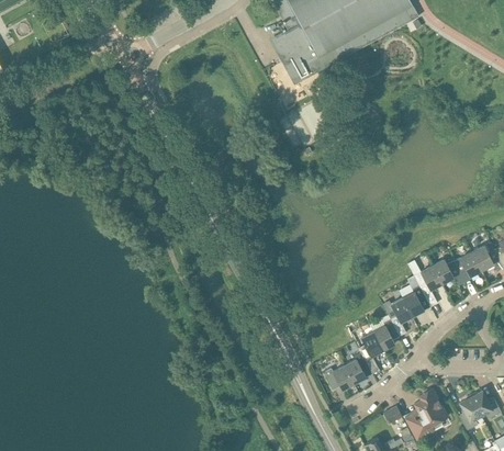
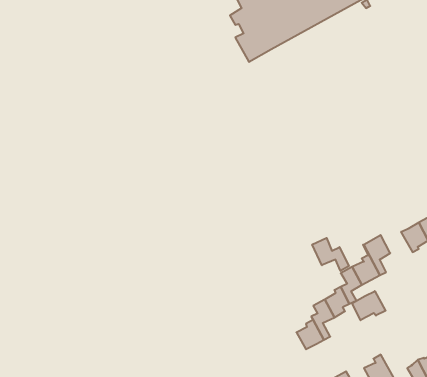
building: [432,259,464,285] -> none
building: none -> [312,238,349,271]
building: none -> [352,291,386,320]
building: [324,365,354,390] -> none

